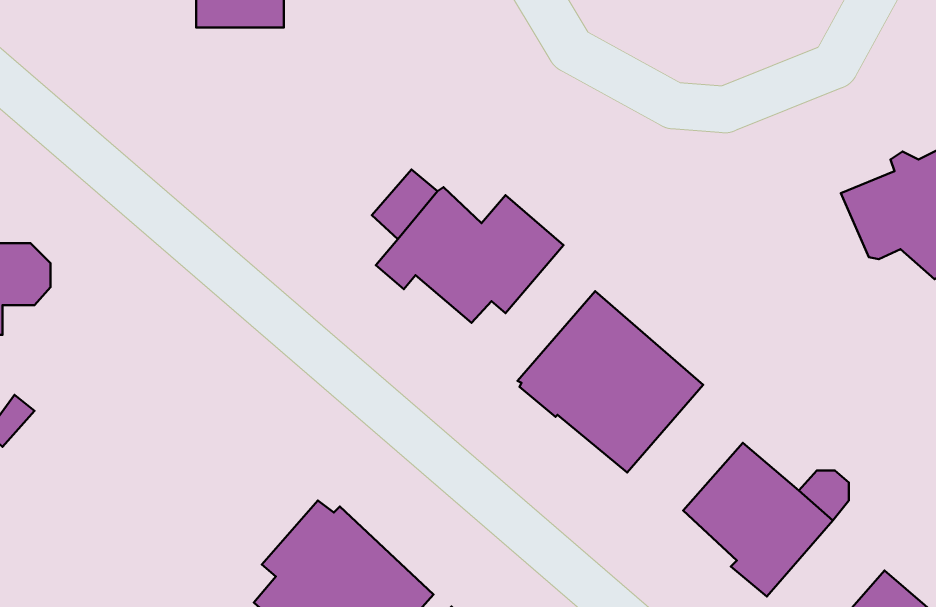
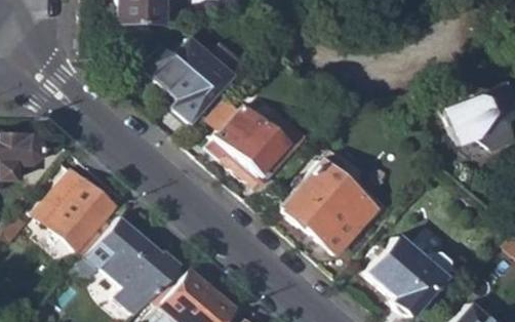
building: none -> [143,39,232,124]
building: none -> [38,169,118,249]
building: none -> [74,215,183,316]

